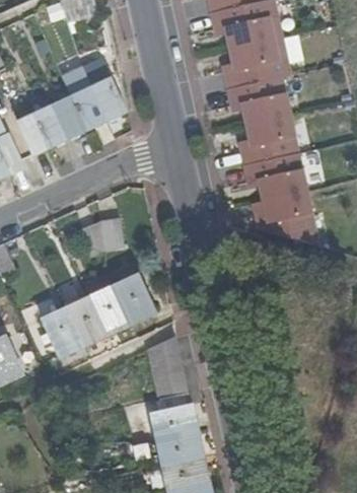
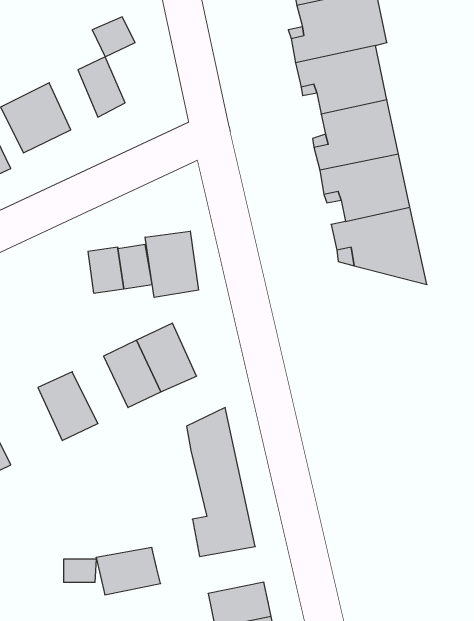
building: [90,75,125,118] -> none
building: [51,94,85,137] -> none
building: none -> [145,231,198,297]
building: [67,297,106,345] -> none
building: [157,432,203,466] -> [96,548,161,595]

